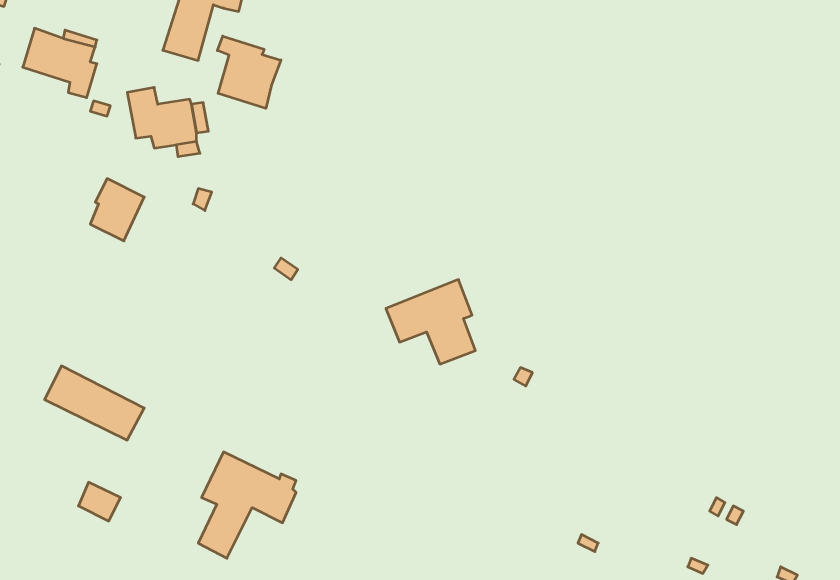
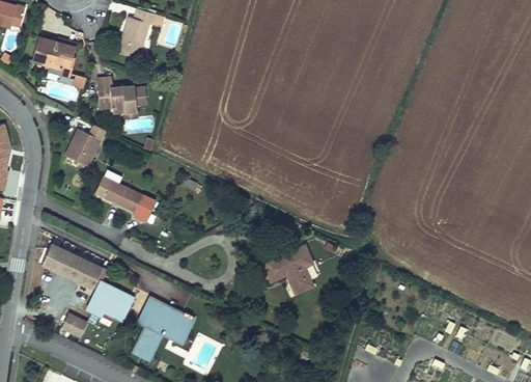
building: [217,36,281,108] -> none
building: none -> [95,165,158,223]
building: [386,280,475,364] -> [266,247,320,299]
building: none -> [92,282,132,320]

